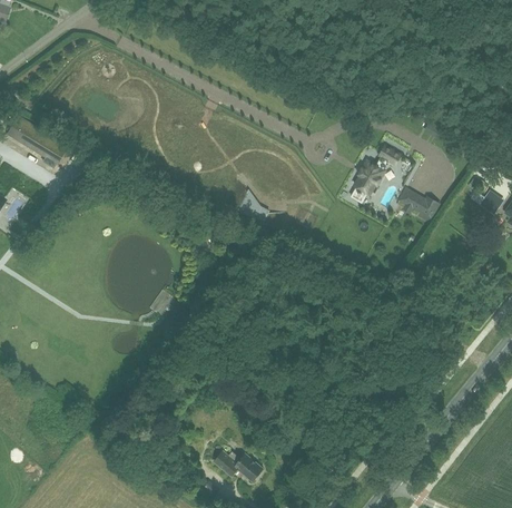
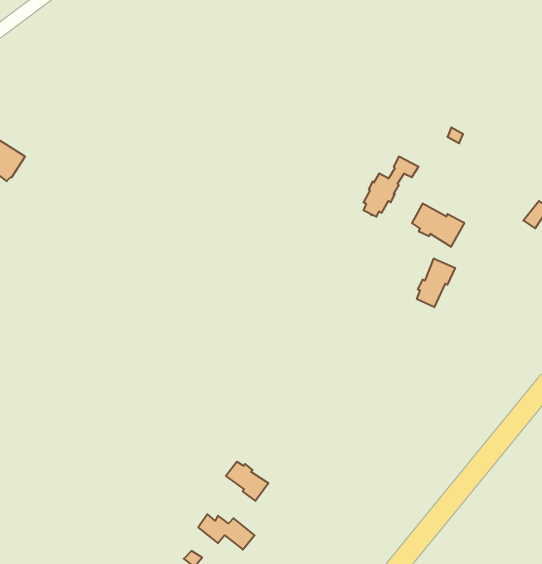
building: none -> [417,258,455,307]
building: none -> [226,462,268,501]

